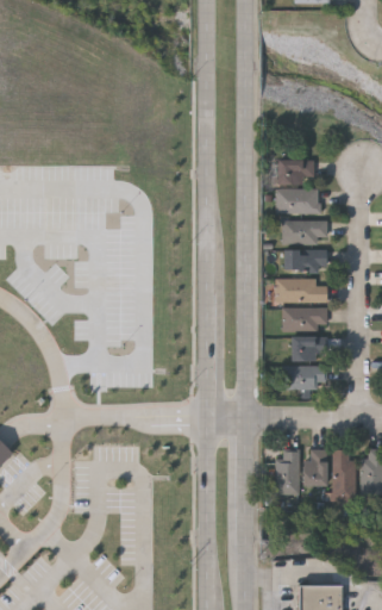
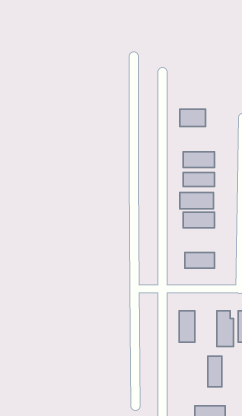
building: [276,188,320,213] -> none
building: [289,337,326,361] -> none
building: [305,449,325,493] -> [208,356,222,387]

